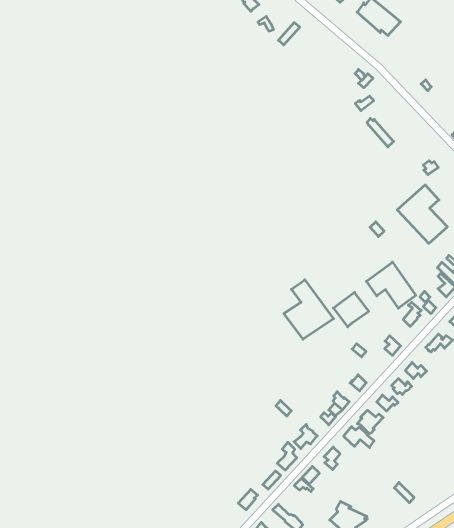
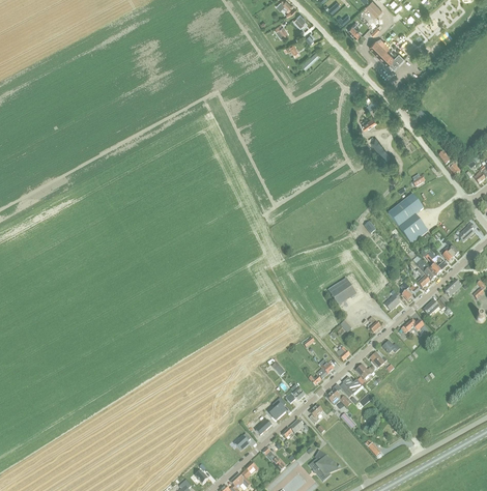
building: [366,262,416,308] -> none
building: [284,280,334,339] -> none

